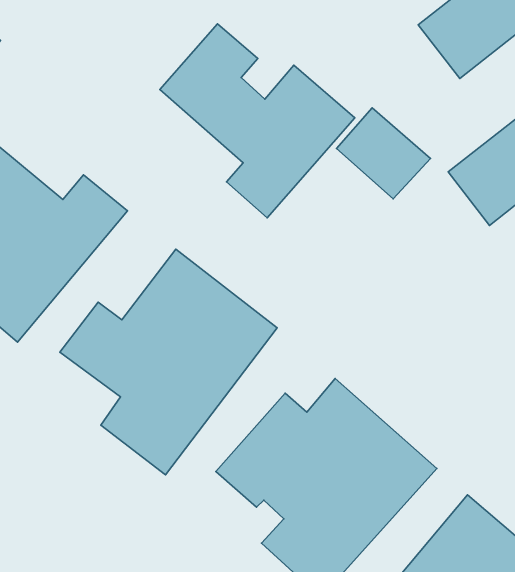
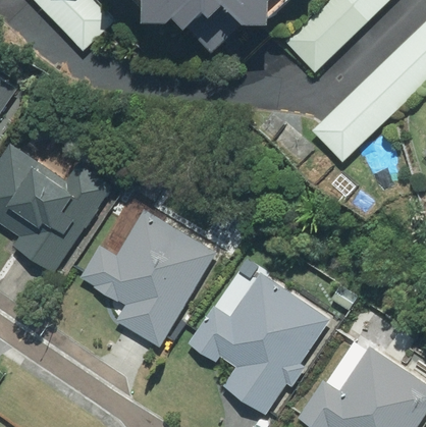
building: [160,24,355,218] -> none

